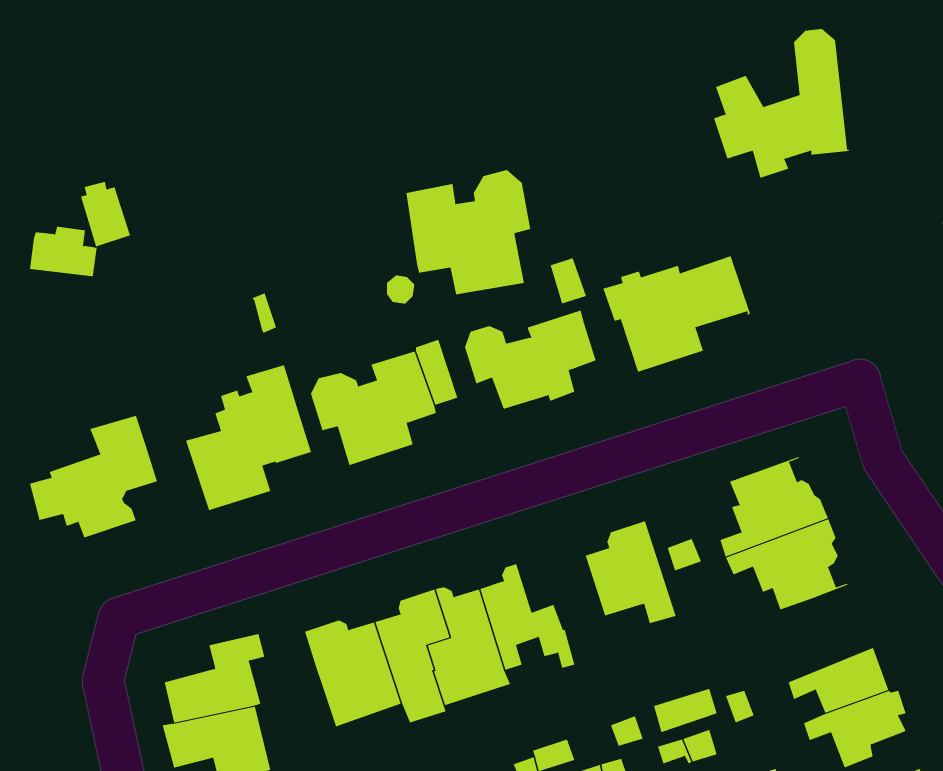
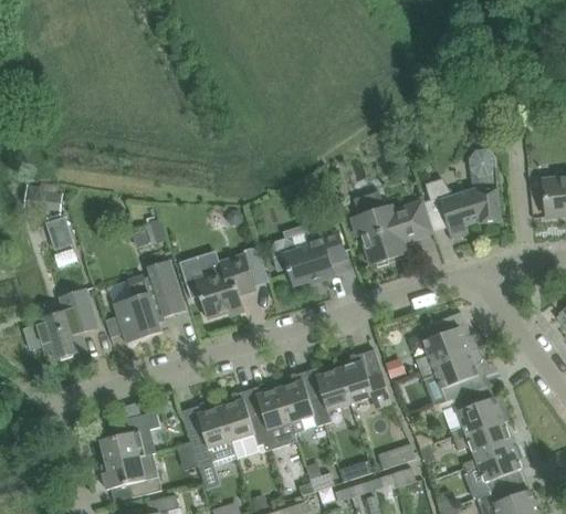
building: [713,28,850,179] -> [423,150,501,235]
building: [406,169,531,295] -> none
building: [80,181,131,247] -> [45,213,74,251]
building: none -> [301,366,350,410]
building: none -> [440,392,503,440]

